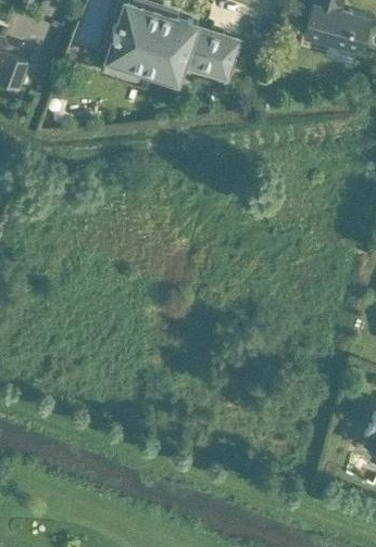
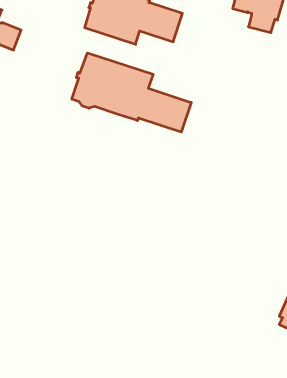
building: none -> [72,53,191,132]

